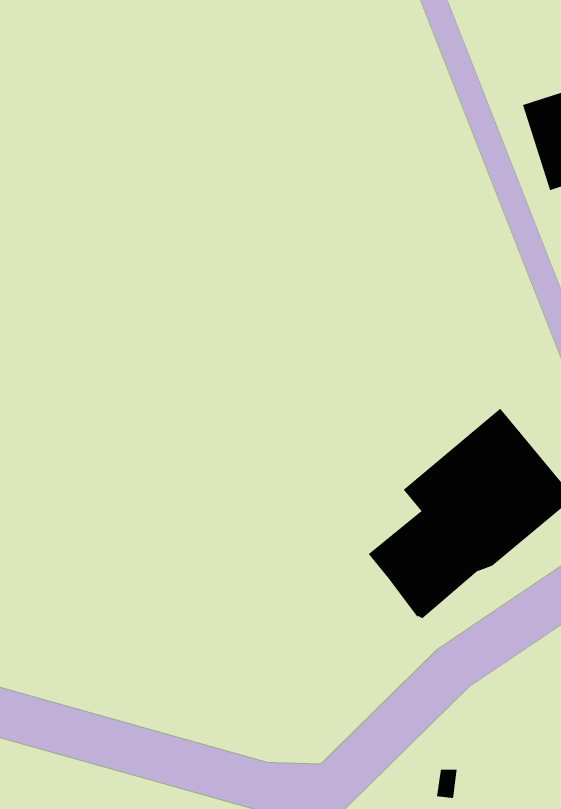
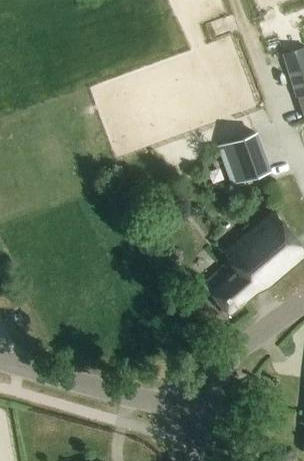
building: none -> [218,132,272,185]

